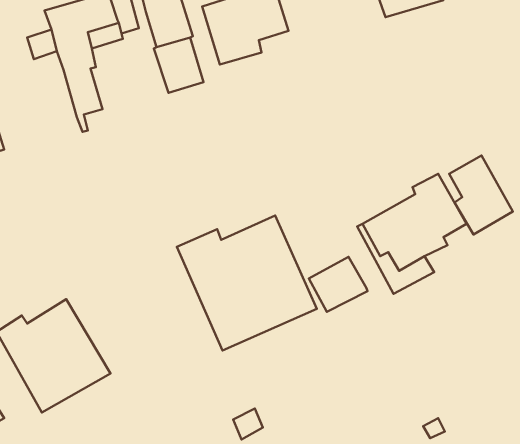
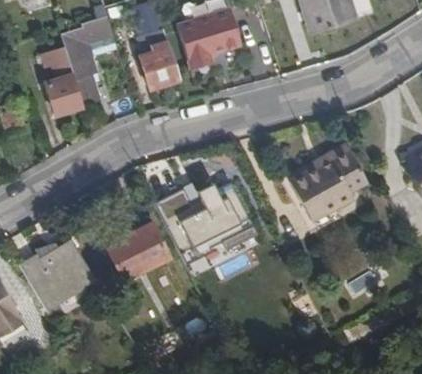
building: none -> [41,70,80,113]
building: [449,155,513,235] -> none
building: [309,257,368,312] -> none
building: none -> [105,221,172,283]

